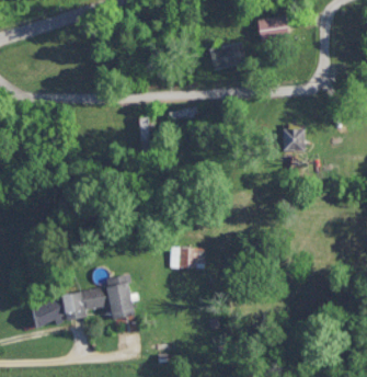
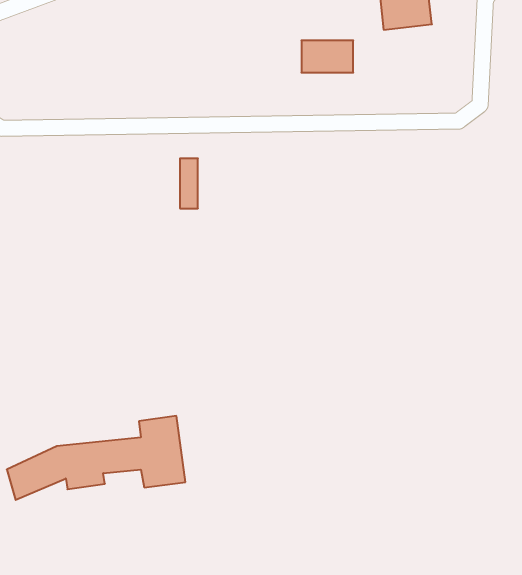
building: [288,129,310,150] -> none
building: [172,249,198,267] -> none

